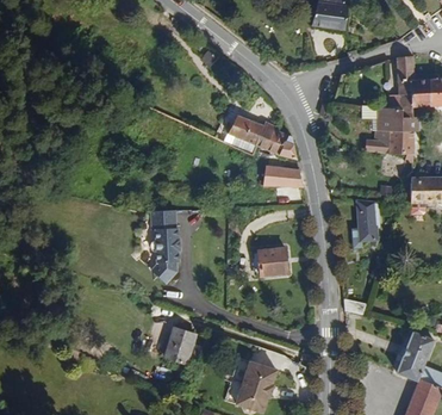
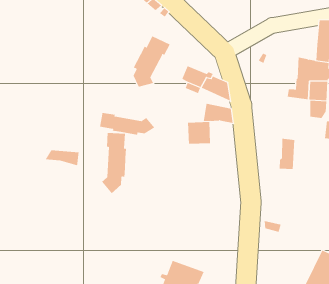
building: none -> [133,35,170,88]
building: none -> [100,112,155,135]
building: none -> [45,150,79,166]
building: [254,247,284,275] -> [187,122,211,144]
building: [167,328,193,364] -> none

